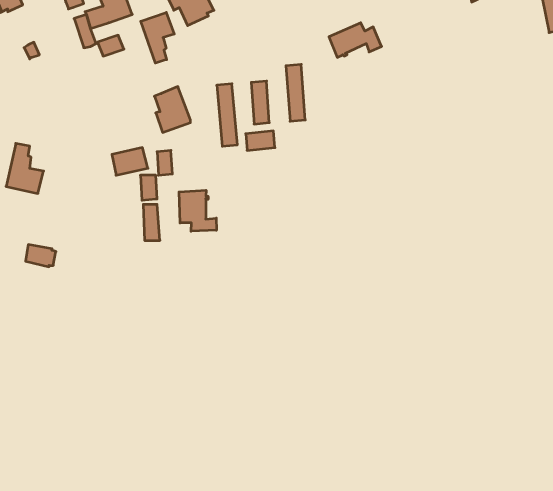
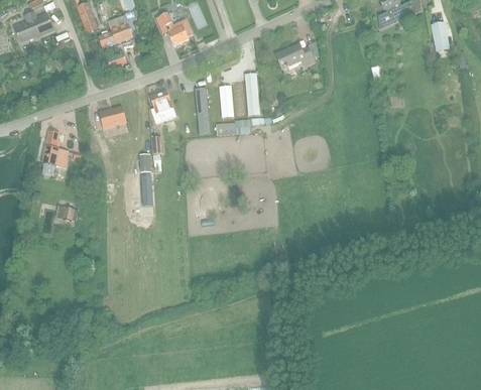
building: [141,12,174,63] -> none
building: [112,148,148,175] -> [100,107,126,127]
building: [179,190,216,231] -> none

